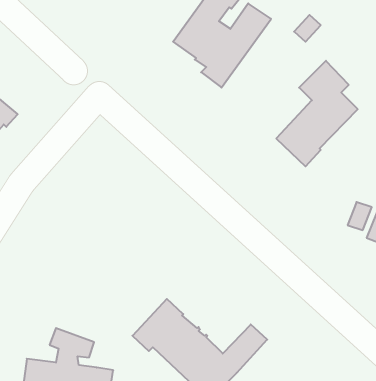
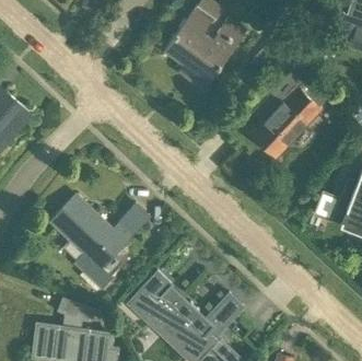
building: none -> [50,195,149,288]

